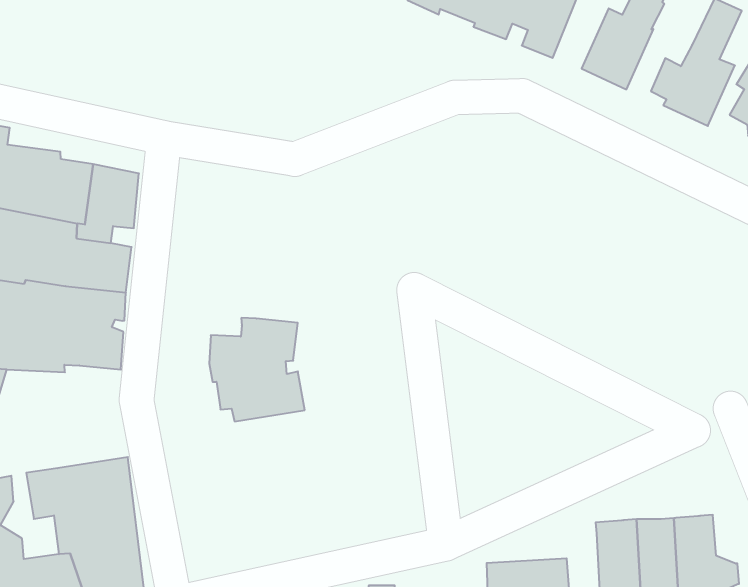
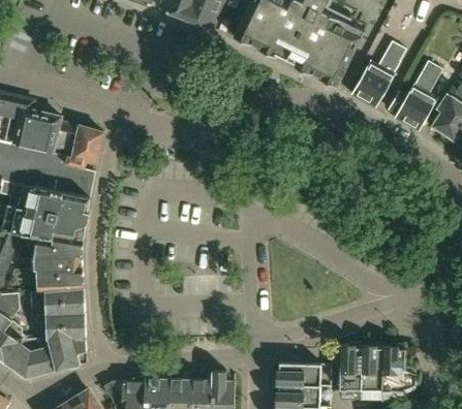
building: [209,318,305,421] -> [33,233,84,290]

